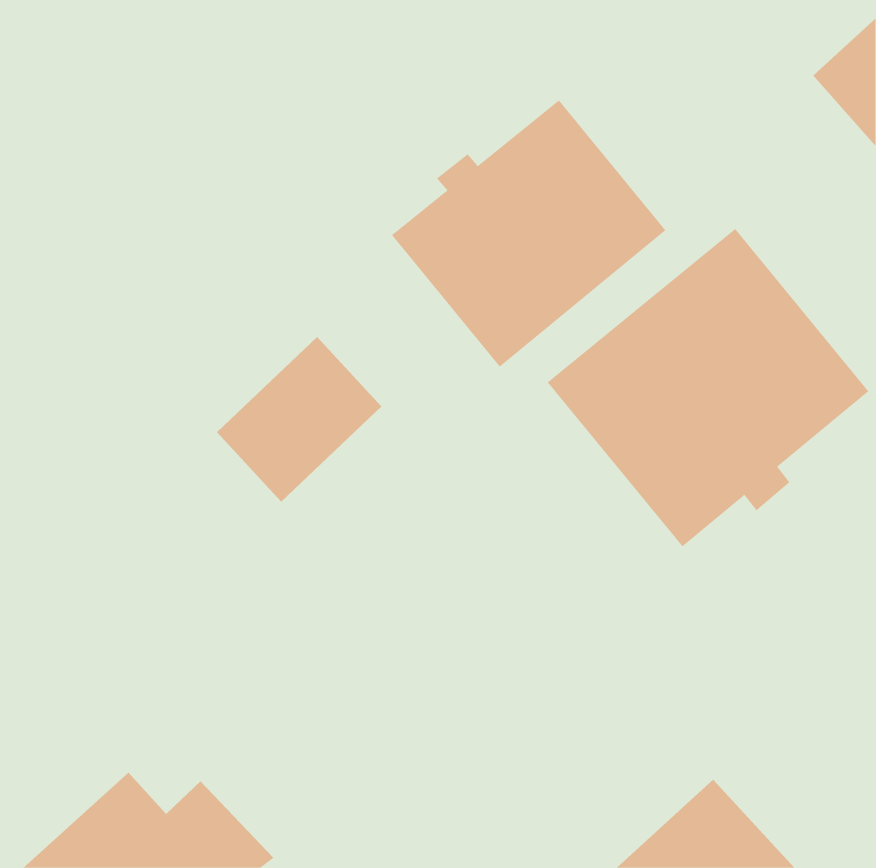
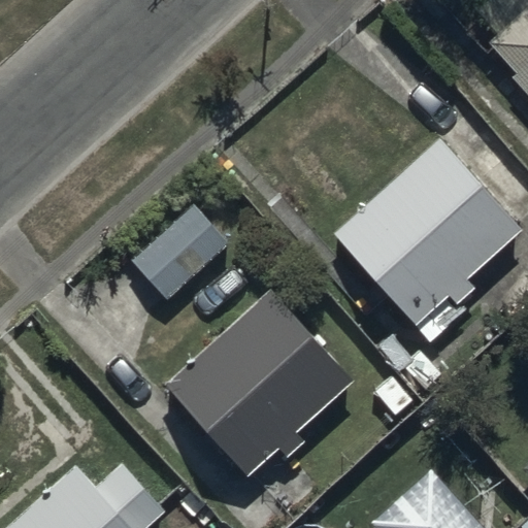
building: [391,99,666,368] -> none
building: none -> [168,294,355,476]

